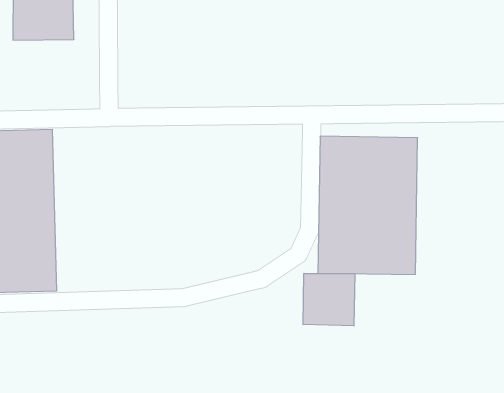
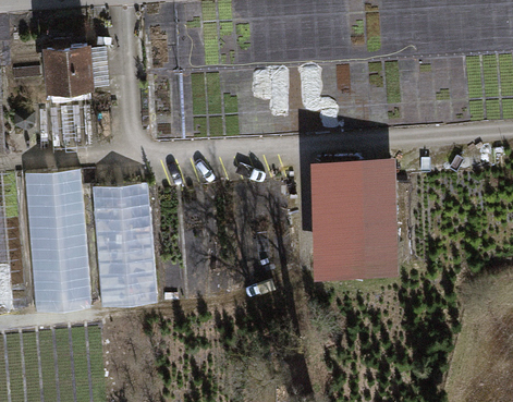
building: none -> [93,184,157,307]
building: [303,273,355,326] -> none

